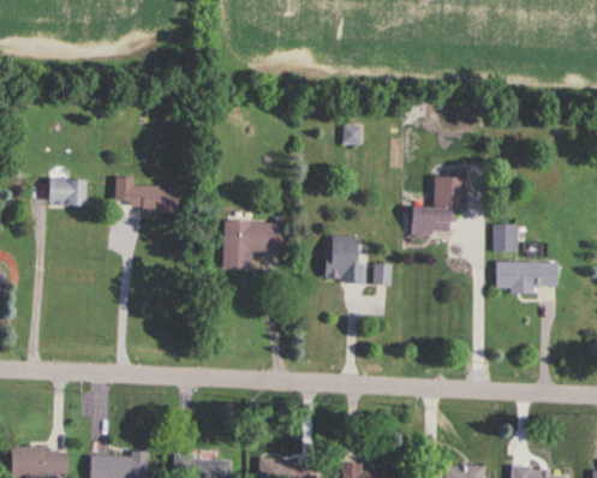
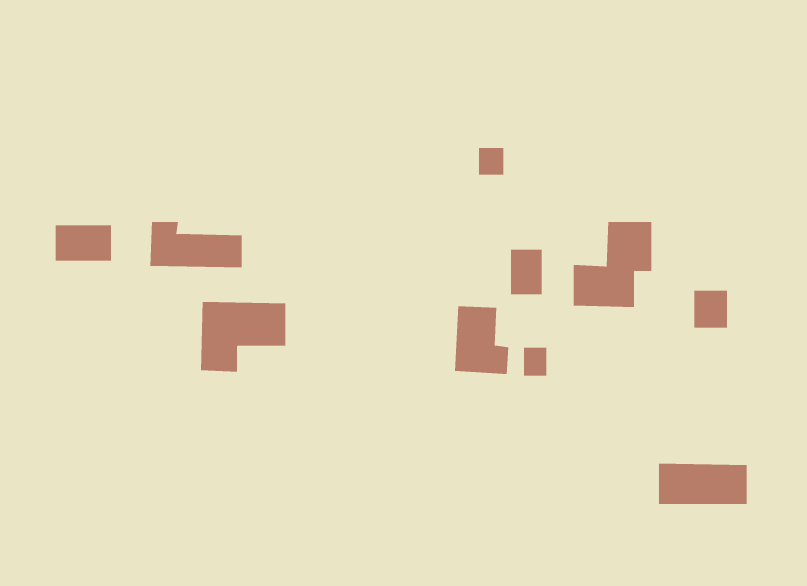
building: none -> [510,249,542,295]
building: [222,220,282,269] -> [200,302,286,372]
building: [496,259,559,288] -> [658,463,748,504]

